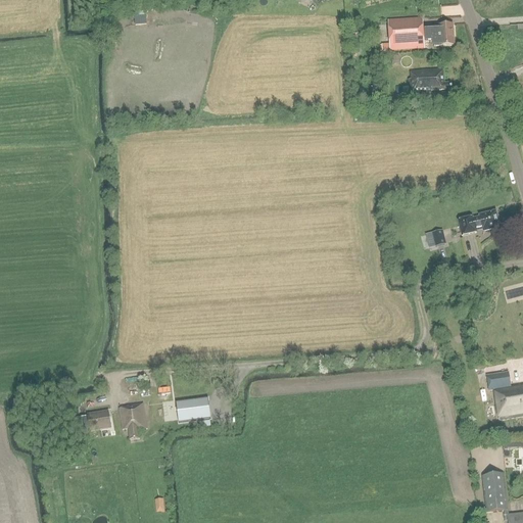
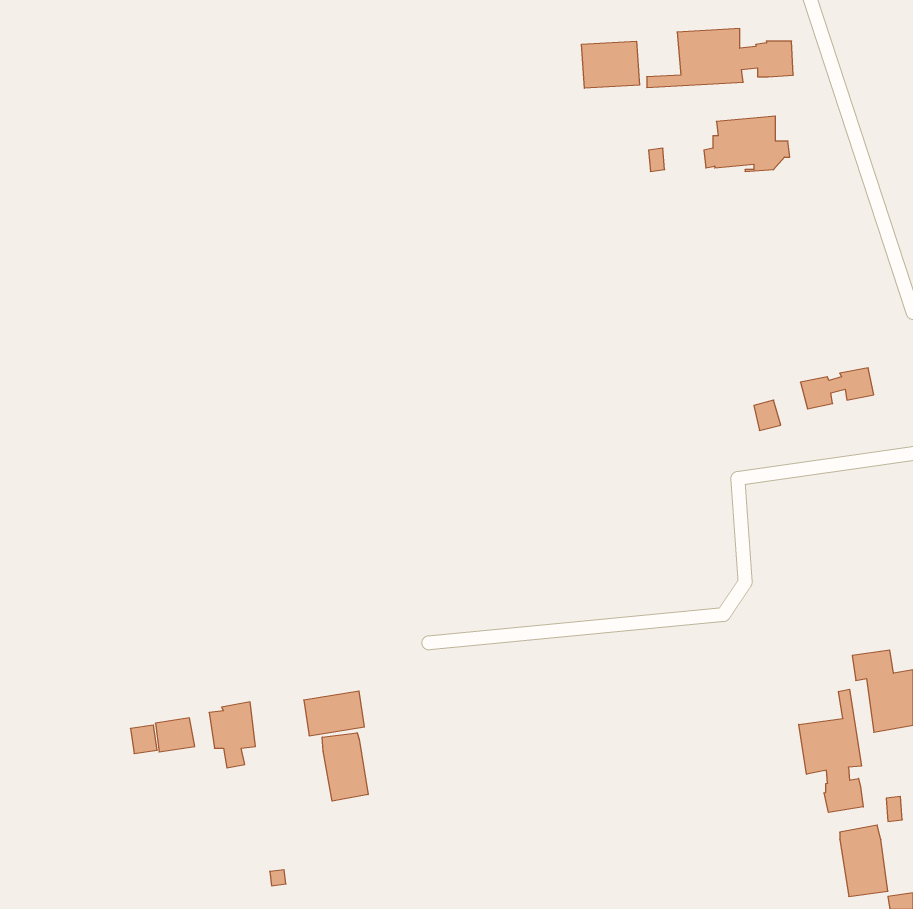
building: none -> [582,41,639,88]
building: none -> [799,689,863,812]
building: none -> [322,733,368,801]

